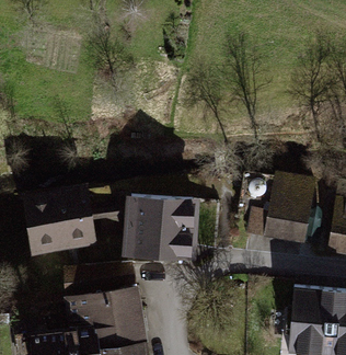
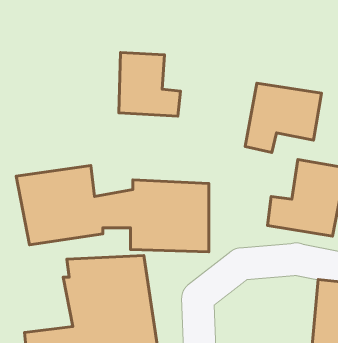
building: none -> [119,53,180,116]
building: none -> [245,83,322,153]

